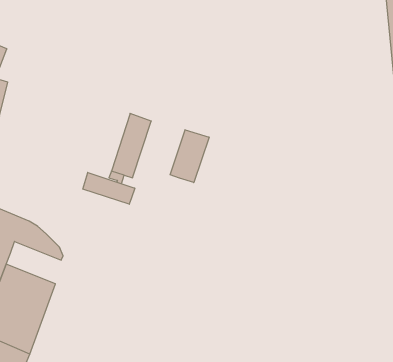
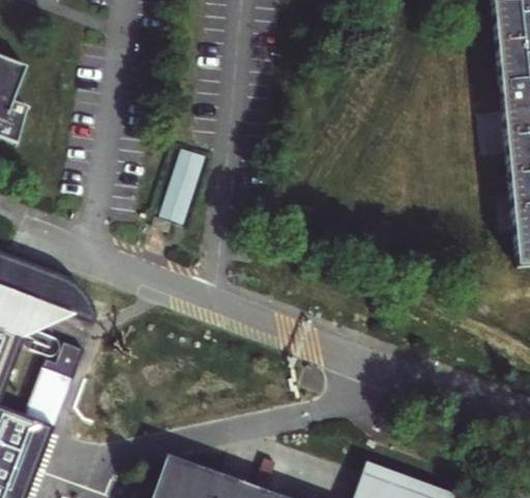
building: [170,130,209,183] -> none
building: [83,172,135,204] -> none

